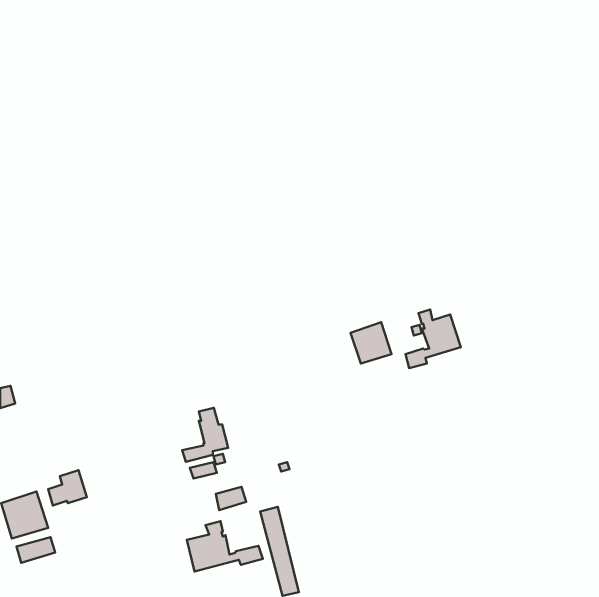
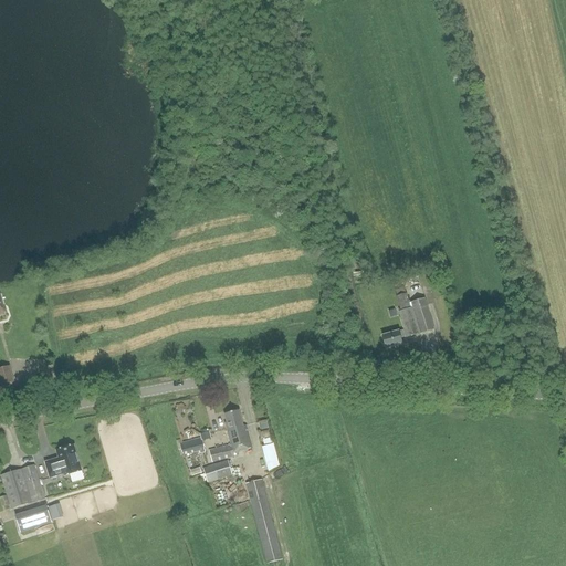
building: [350,322,391,363] -> none
building: [182,408,228,462] -> [209,409,252,460]
building: [187,521,263,571] -> none

